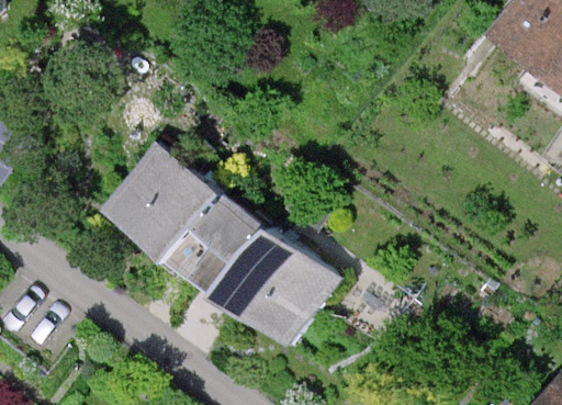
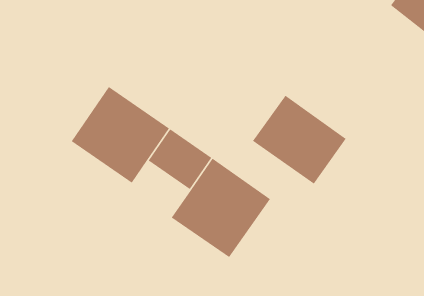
building: none -> [252,95,346,185]

